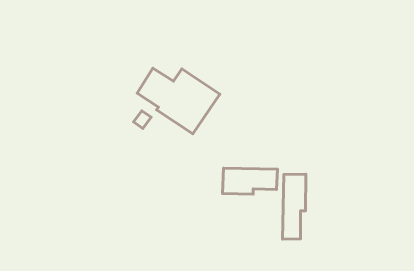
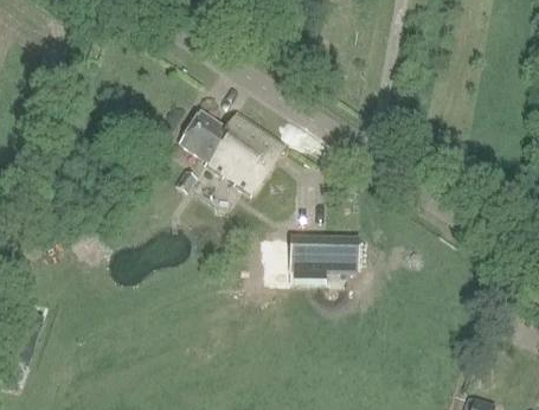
building: [283,174,306,239] -> none

